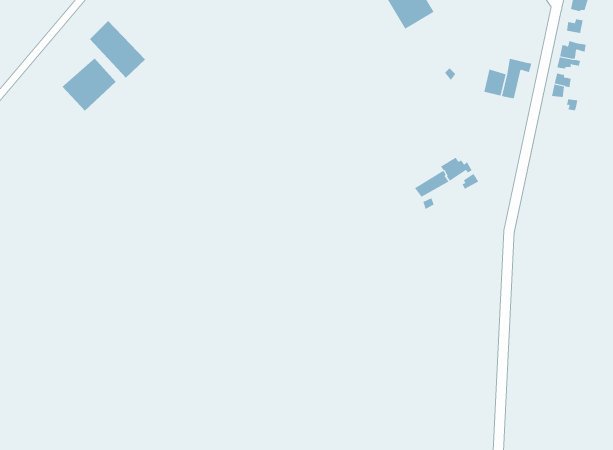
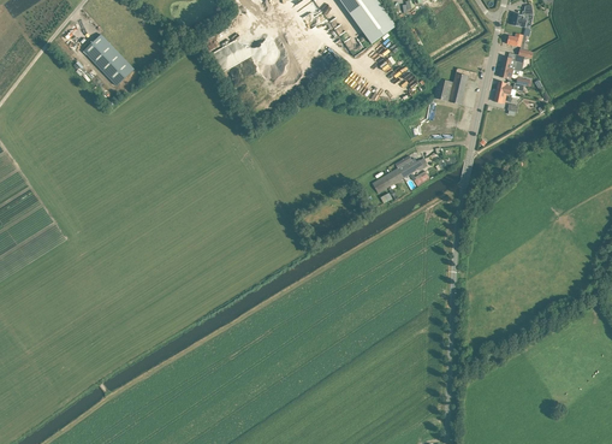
building: [62,57,116,111] -> none

